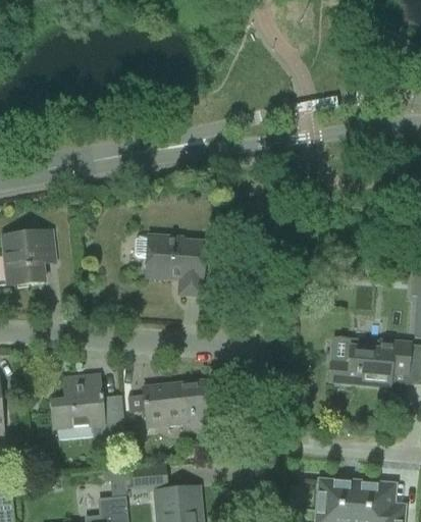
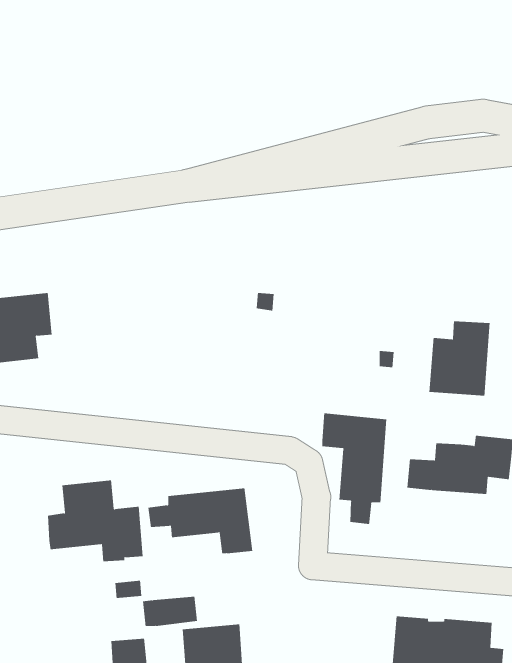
building: [135,237,205,295] -> none
building: none -> [429,320,490,397]
building: none -> [322,413,387,525]

